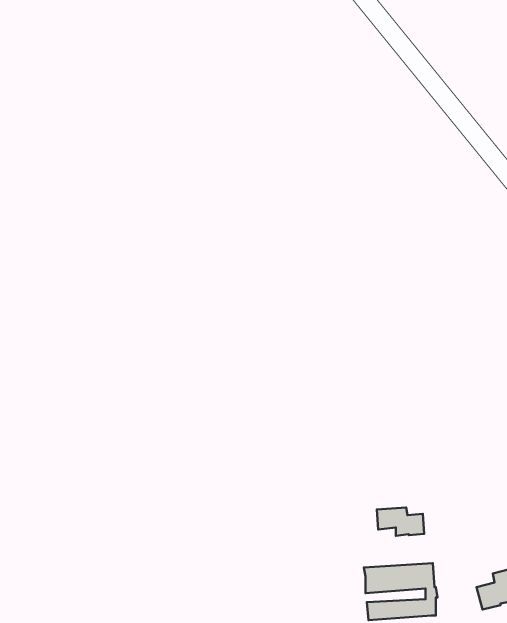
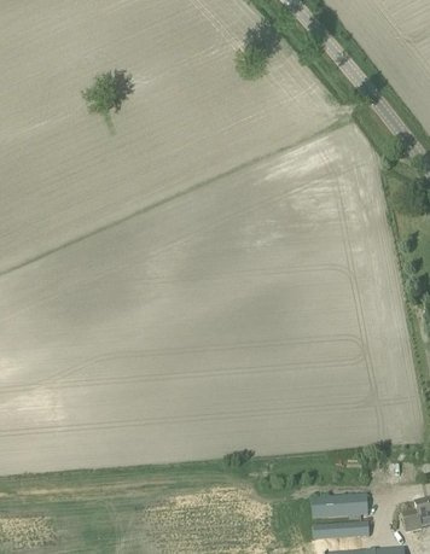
building: [377,507,424,536] -> none

